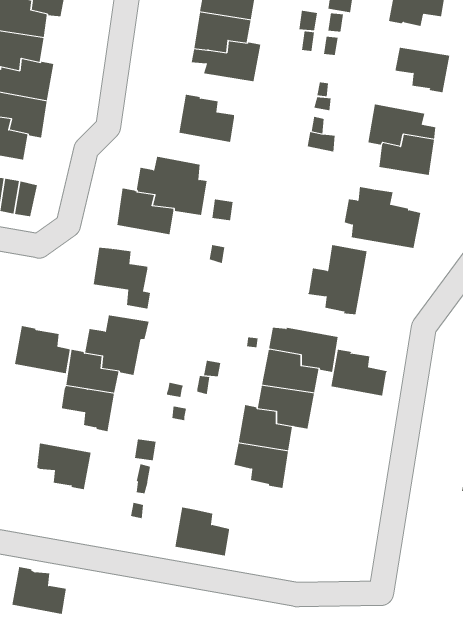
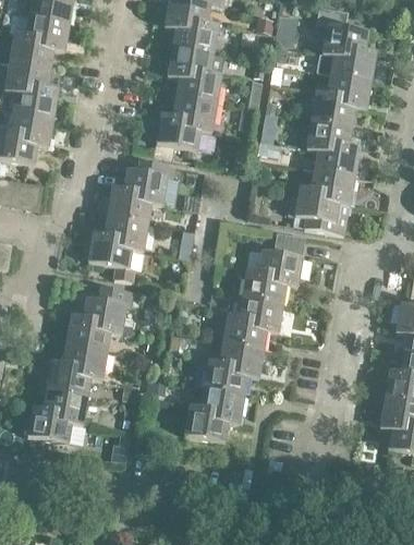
building: none -> [331,48,376,81]
building: none -> [312,89,355,126]
building: none -> [162,95,217,131]
building: none -> [312,169,355,205]
building: none -> [105,215,150,252]
building: [14,326,71,374] -> [47,356,92,395]
building: [330,349,388,396] -> [242,266,288,303]
building: [175,507,230,556] -> [184,402,228,441]
building: [11,566,67,615] -> [28,403,72,441]

